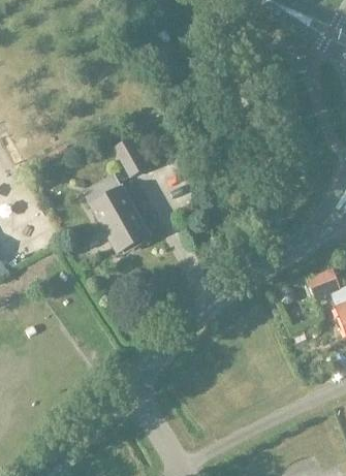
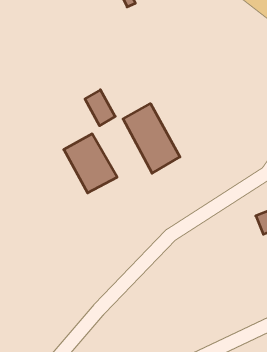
building: none -> [123,104,180,173]

